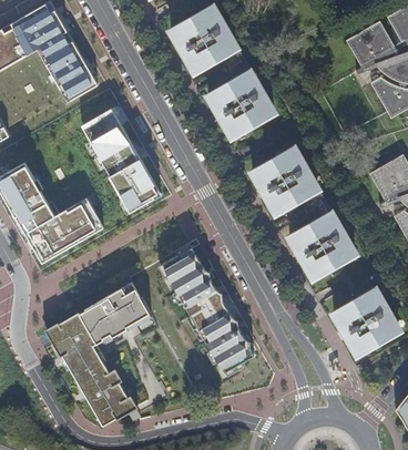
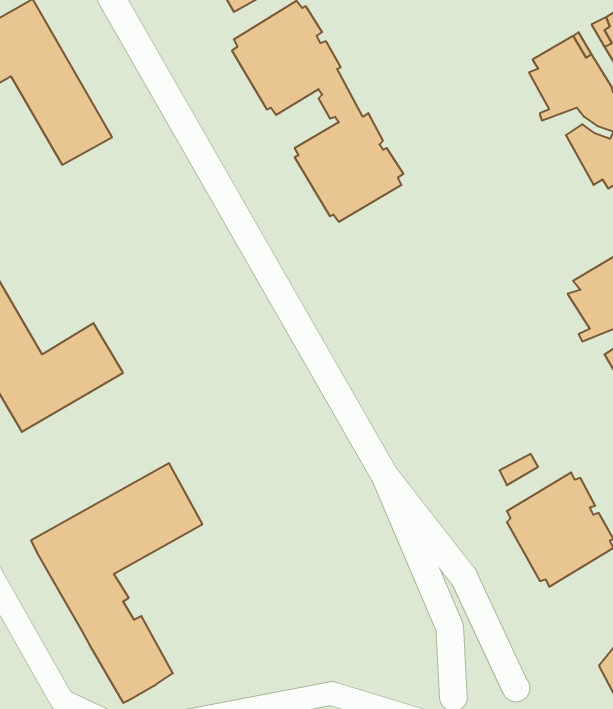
building: [81,109,161,213] -> none
building: [252,147,355,279] -> none
building: [163,247,254,371] -> none

